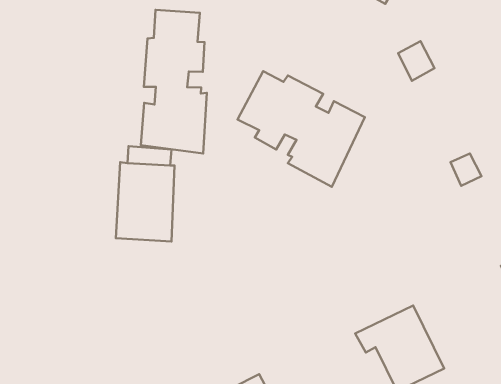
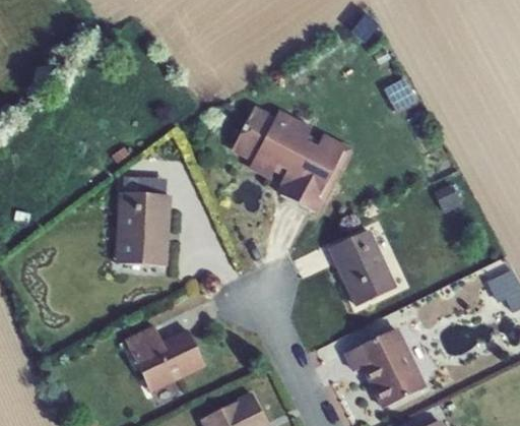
building: [141,10,207,154] -> none
building: none -> [327,228,396,305]
building: none -> [123,322,205,392]

